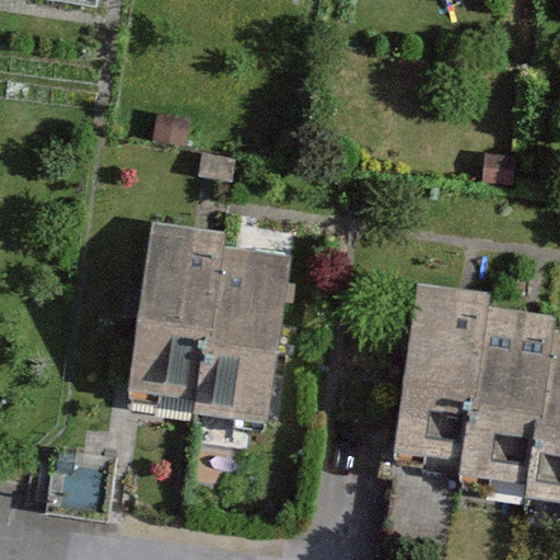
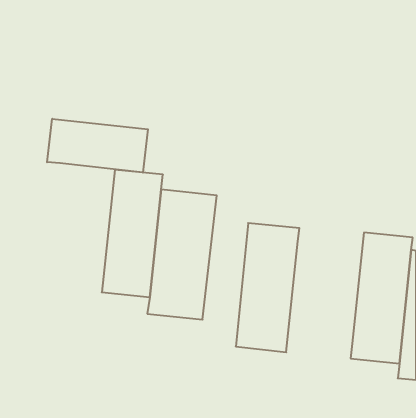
building: none -> [47,119,148,173]
building: [399,283,483,454] -> [236,223,299,352]

